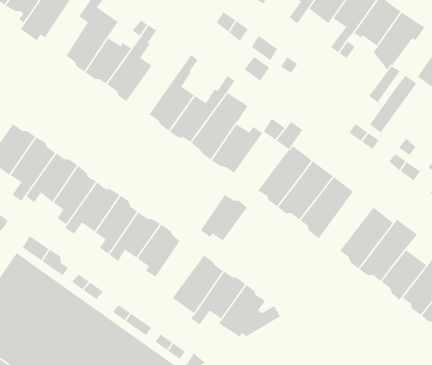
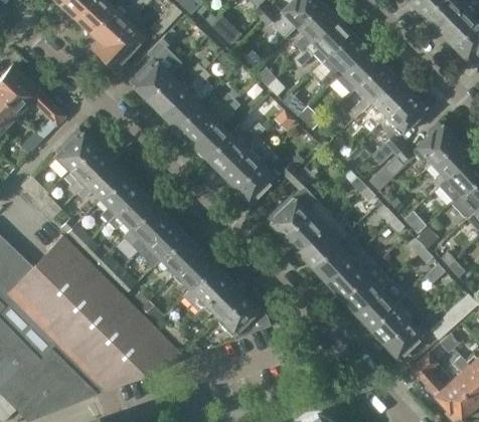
building: none -> [174,93,233,143]
building: none -> [311,234,360,280]
building: [200,194,248,241] -> [173,250,215,288]

